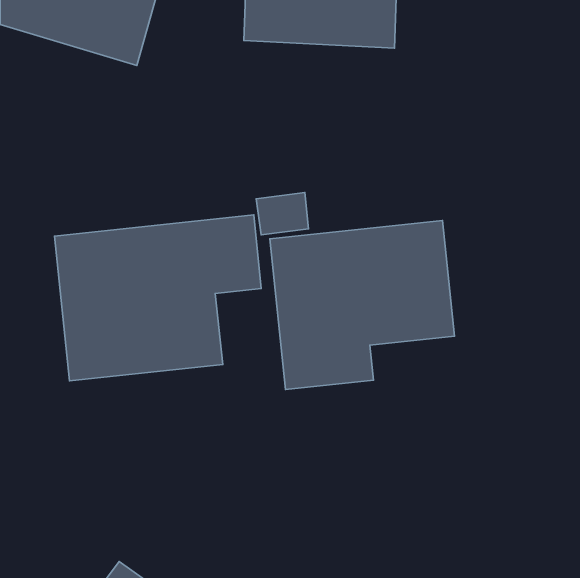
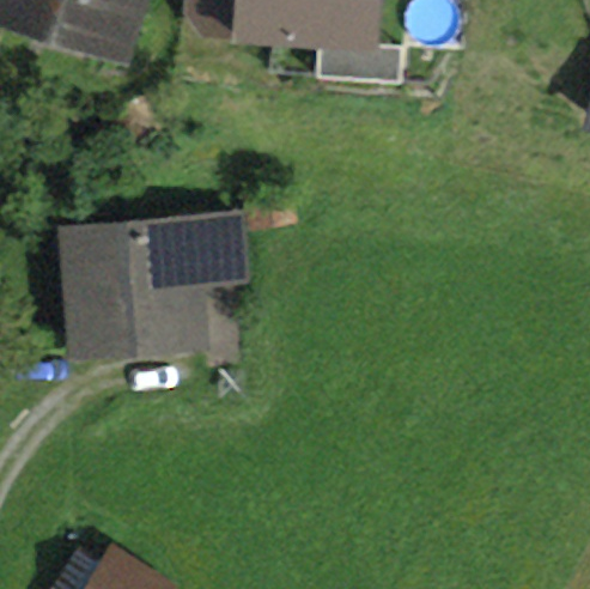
building: [270,220,455,390] -> none

